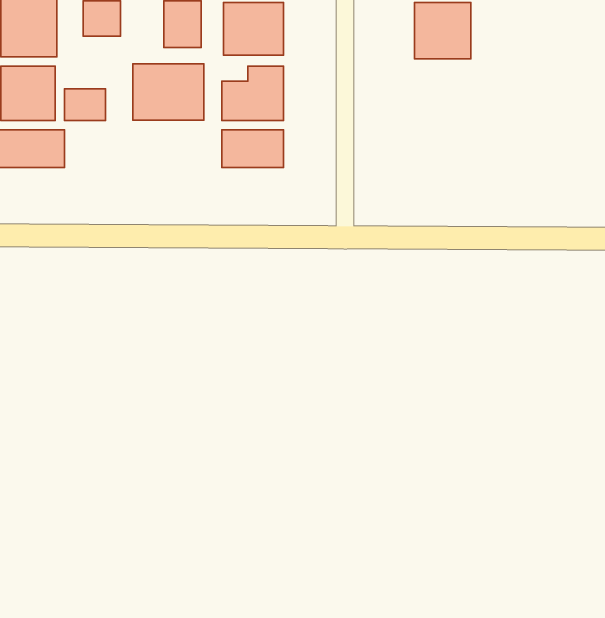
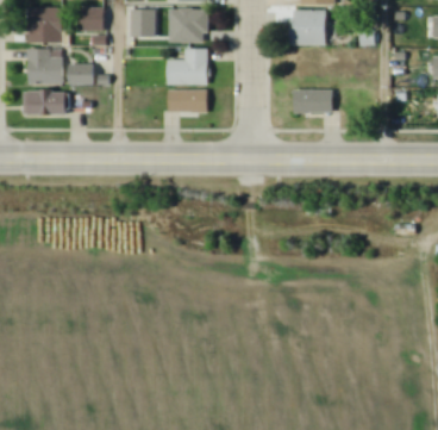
building: [133,64,204,120] -> none
building: none -> [293,88,333,113]

